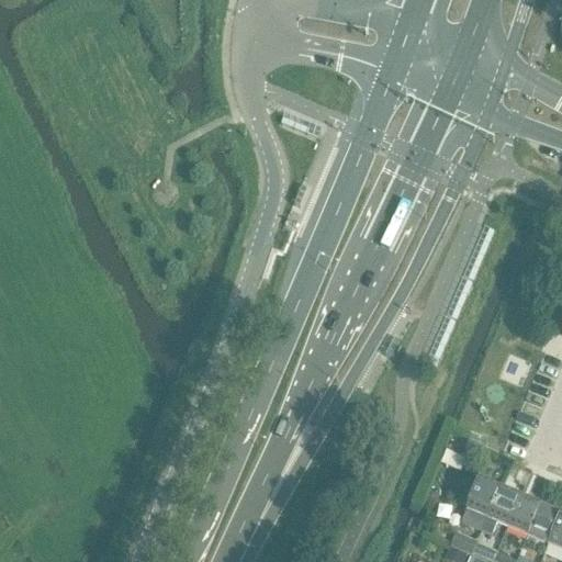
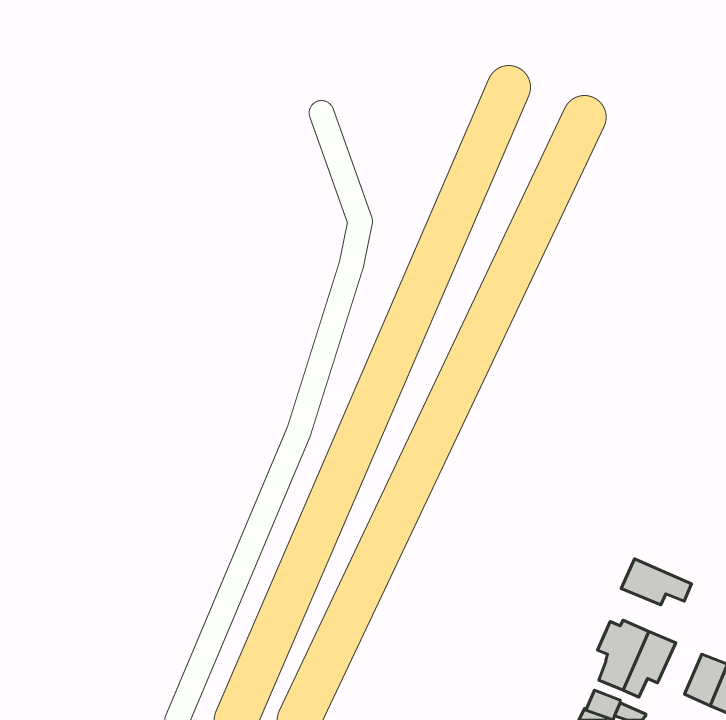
building: none -> [621,559,692,605]
building: [508,494,542,533] -> none

